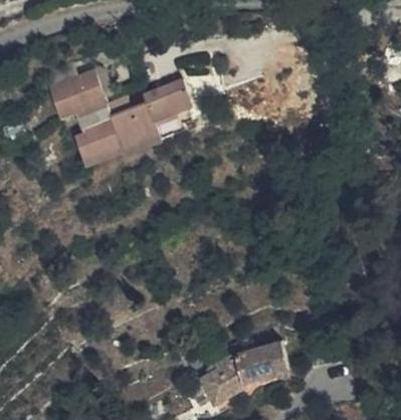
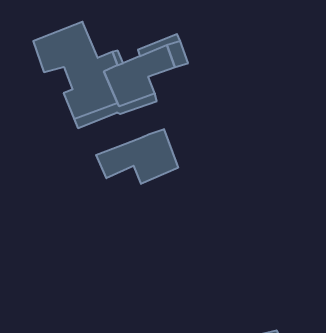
building: none -> [96,129,178,184]

